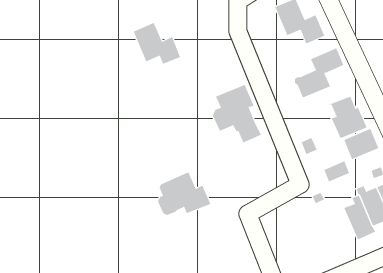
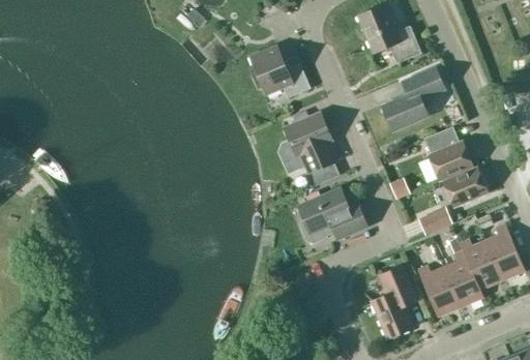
building: [133,22,181,65] -> [249,46,310,98]
building: [157,172,211,216] -> [300,187,367,242]
building: none -> [372,266,418,338]
building: none -> [417,266,461,317]

